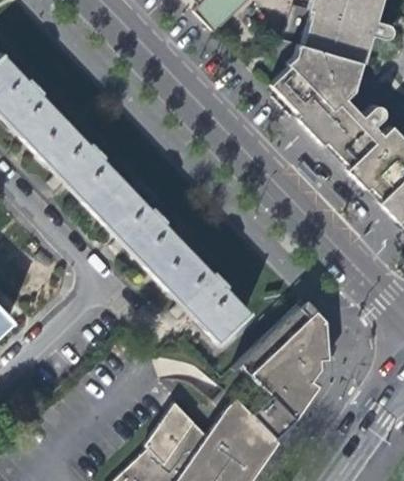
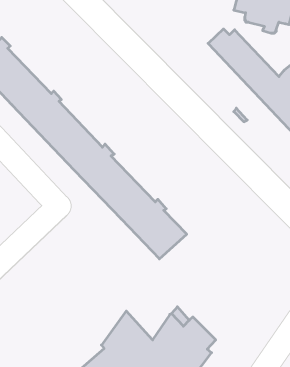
building: [288,45,365,125] -> none
building: [242,304,326,434] -> none

